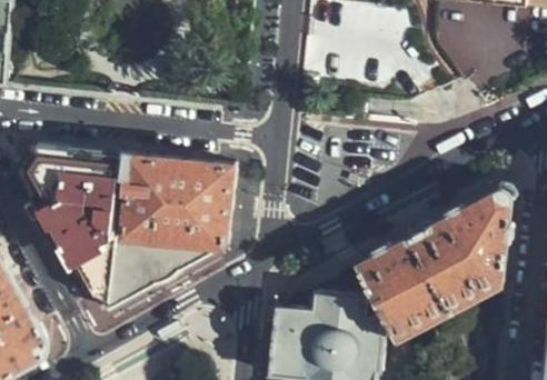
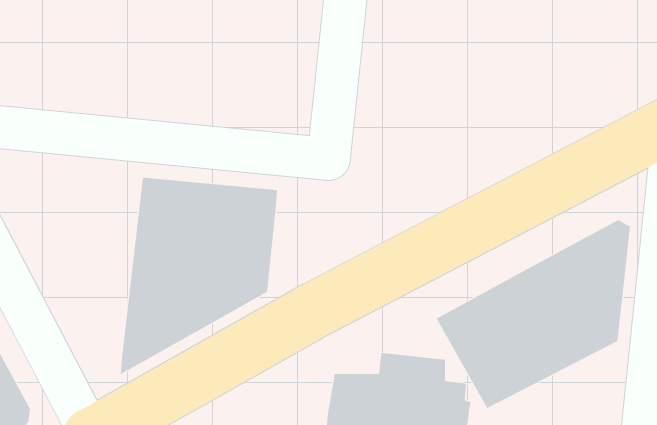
building: [20,146,126,298] -> none

